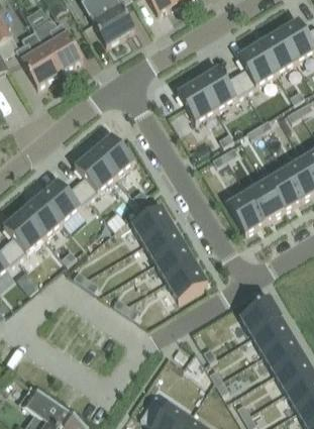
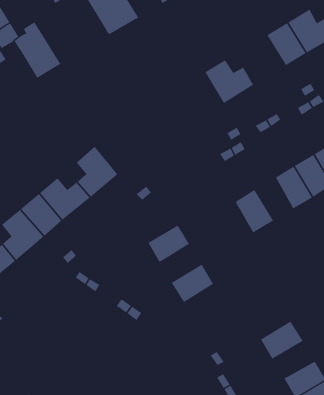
building: [33,17,84,70] -> none
building: [235,42,276,90] -> none
building: [177,78,216,120] -> none
building: [93,133,133,176] -> none
building: [246,179,283,220] -> none
building: [131,204,173,241] -> none
building: [154,242,196,280] -> none
building: [239,297,281,334] -> none
building: [263,335,304,371] -> none

